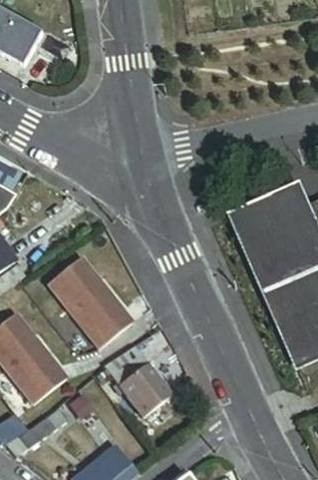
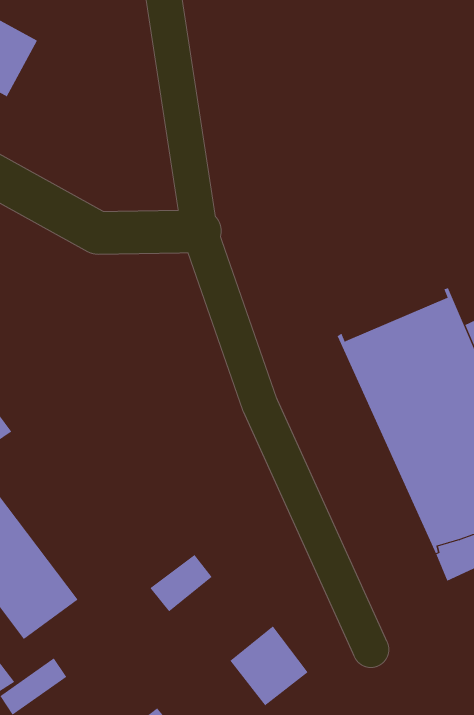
building: [50,256,132,347] -> none
building: [123,364,173,414] -> [229,625,309,706]

